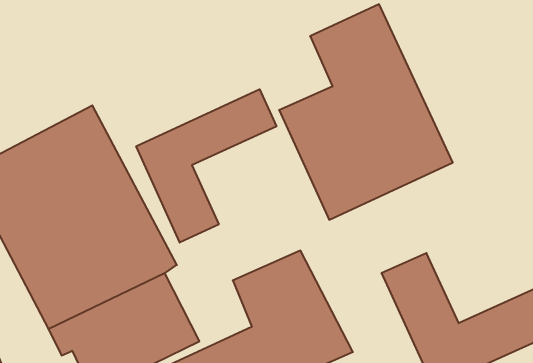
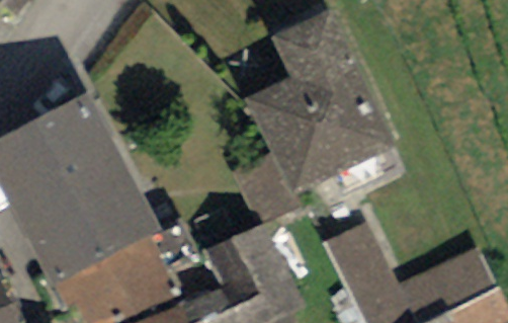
building: [136,89,276,243] -> none

